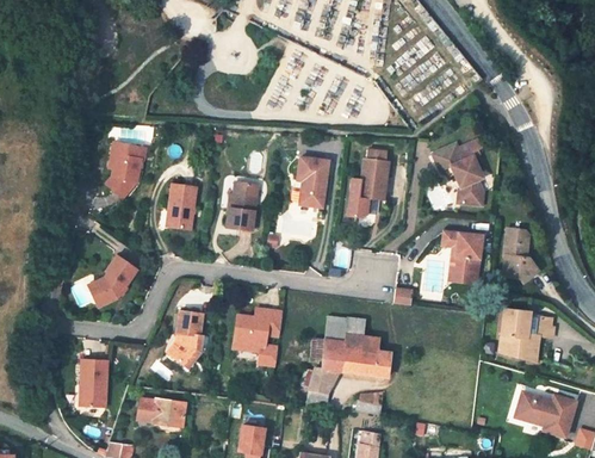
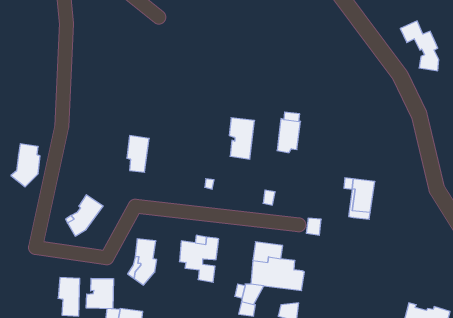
building: [104,142,141,197] -> [11,144,40,187]
building: [434,146,483,209] -> [400,21,439,71]
building: [343,178,370,219] -> none
building: [224,180,256,229] -> none
building: [504,227,543,284] -> none
building: [501,308,556,357] -> none
building: none -> [86,278,113,309]

